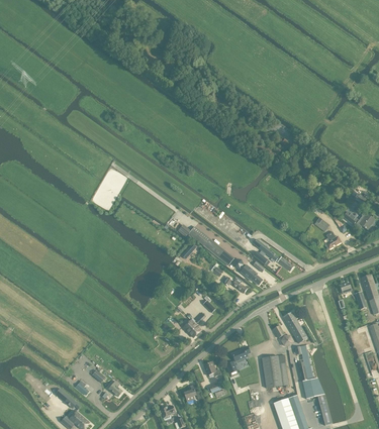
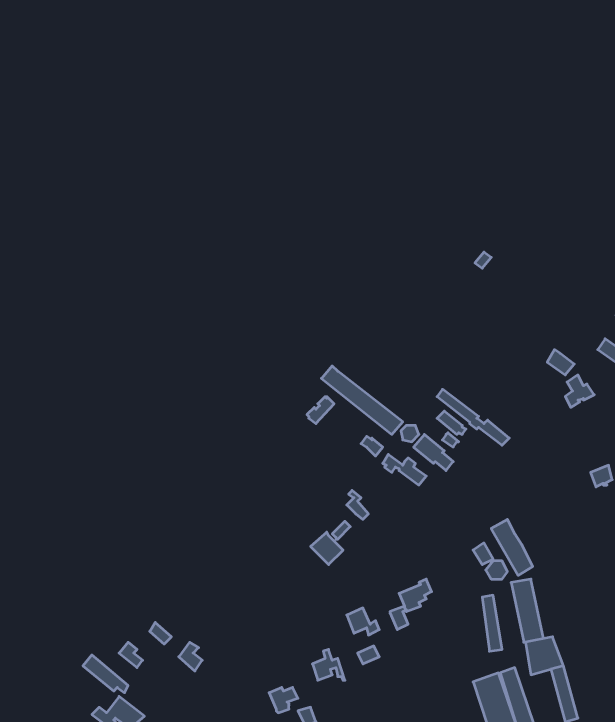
building: [261,355,282,388] -> none

